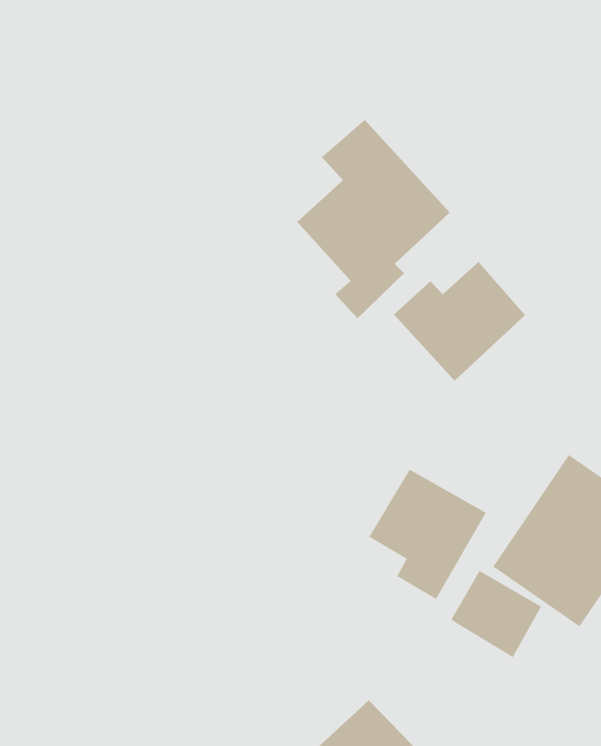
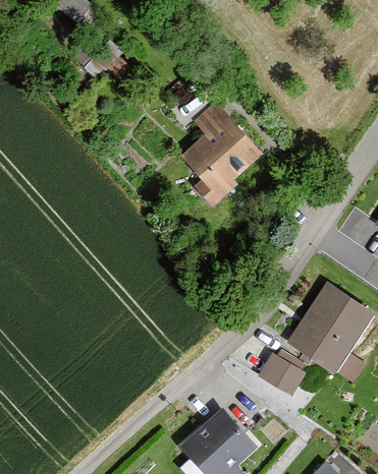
building: [393,261,526,381] -> none
building: [368,469,486,600] -> none

